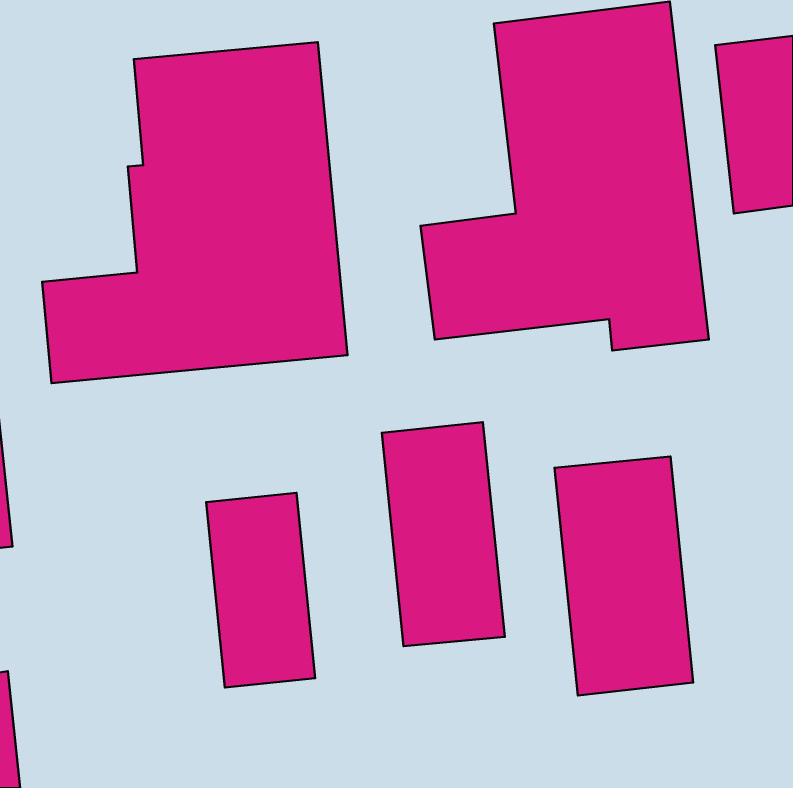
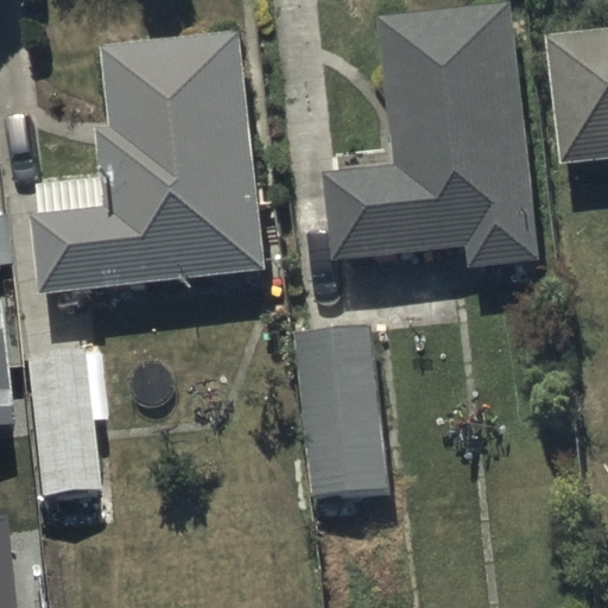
building: [555,457,693,695] -> none
building: [206,493,315,687] -> [20,348,103,496]

